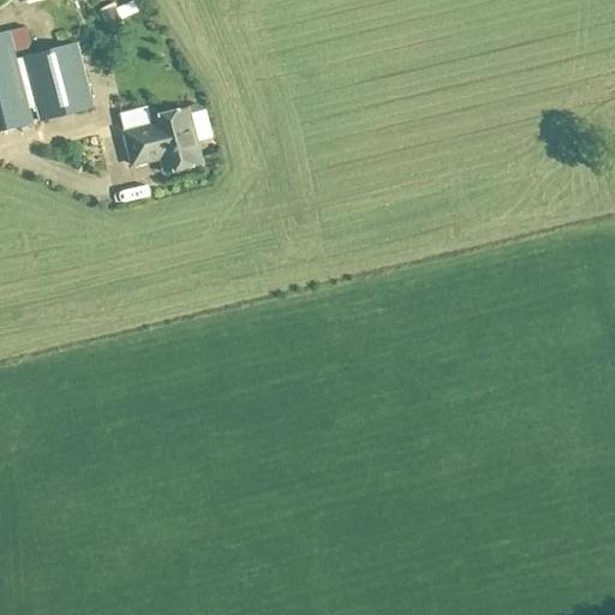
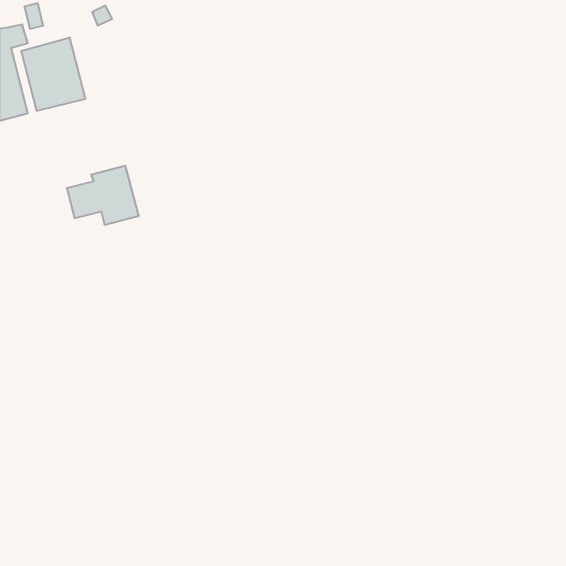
building: [124,108,202,172] -> [67,166,139,225]

